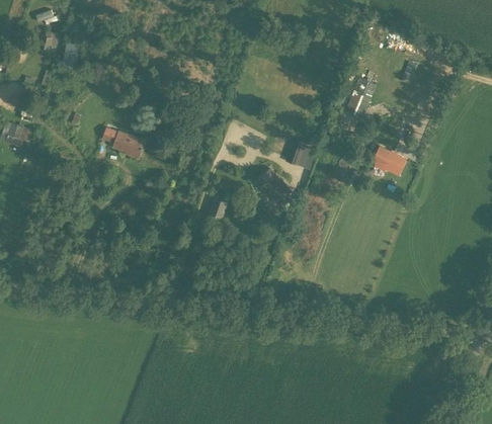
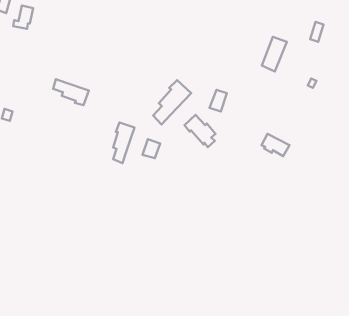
building: none -> [153,80,191,124]
building: [373,148,405,174] -> [262,134,289,156]
building: none -> [113,123,134,163]

